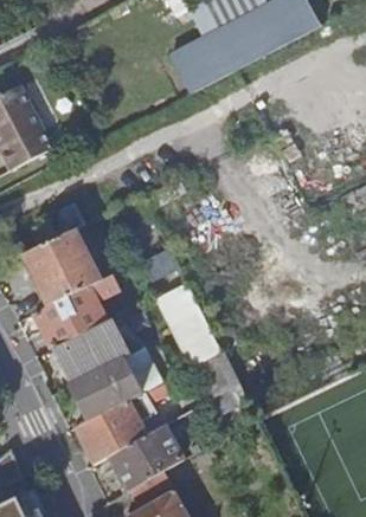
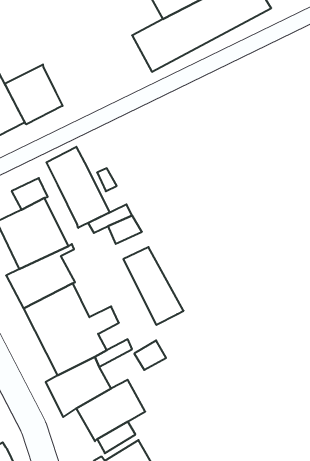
building: none -> [5,64,63,124]
building: none -> [46,147,110,228]

